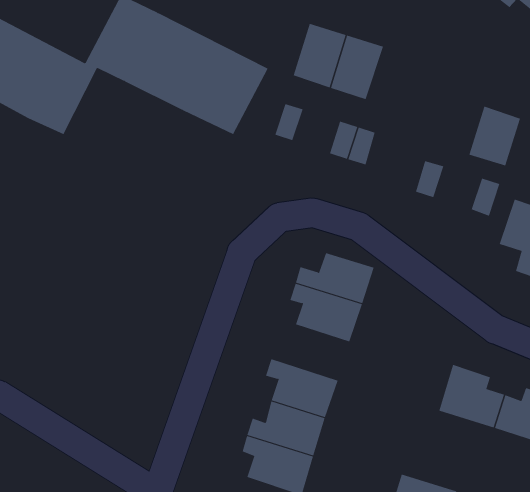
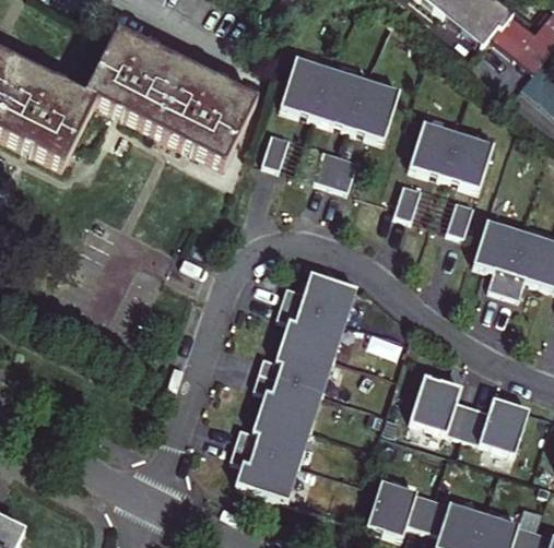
building: none -> [347,80,399,141]
building: none -> [408,124,458,181]
building: none -> [258,341,332,393]

